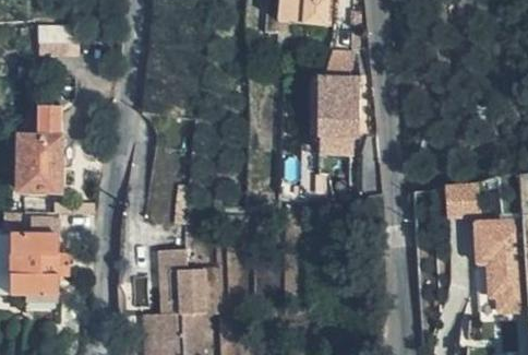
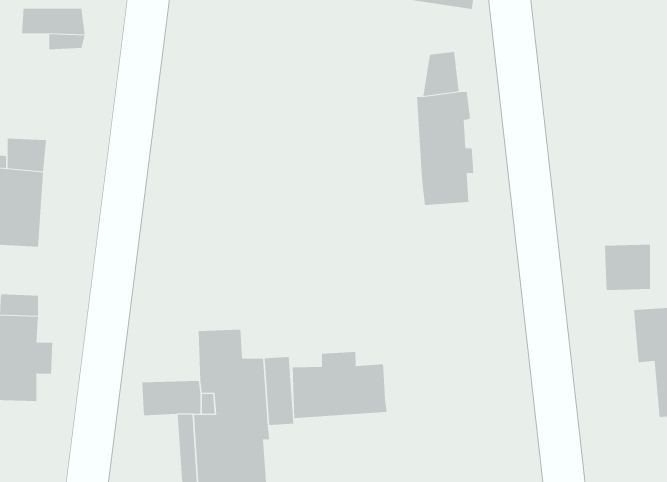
building: none -> [292,351,387,419]

